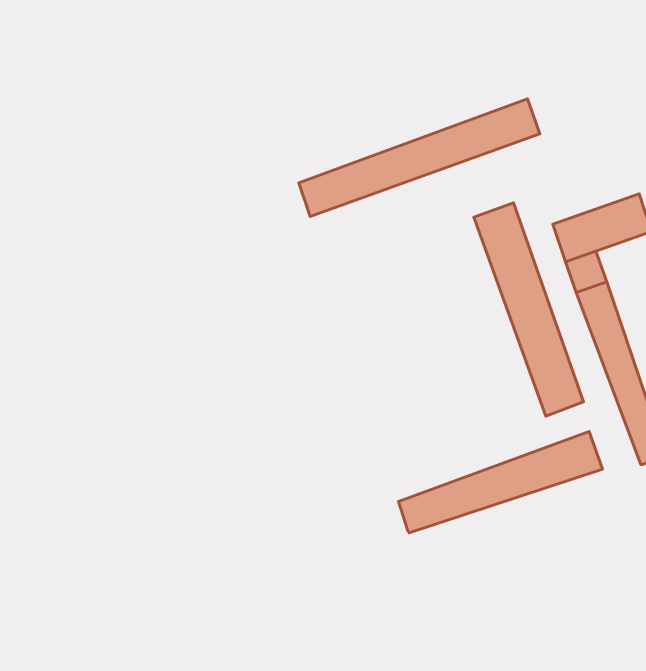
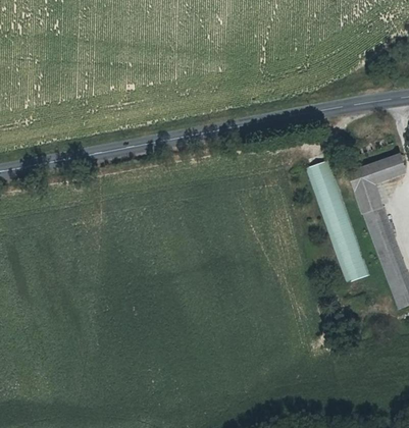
building: [299,99,540,217] -> none
building: [398,431,602,533] -> none

